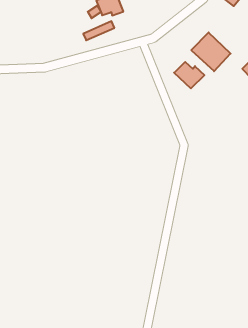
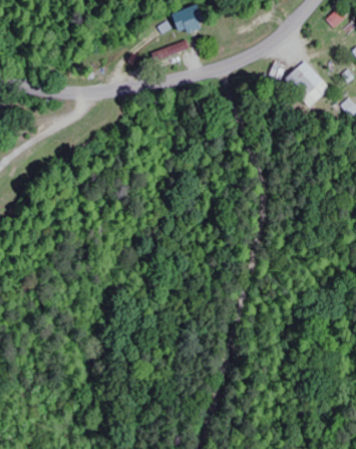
building: [174,62,204,88] -> none

